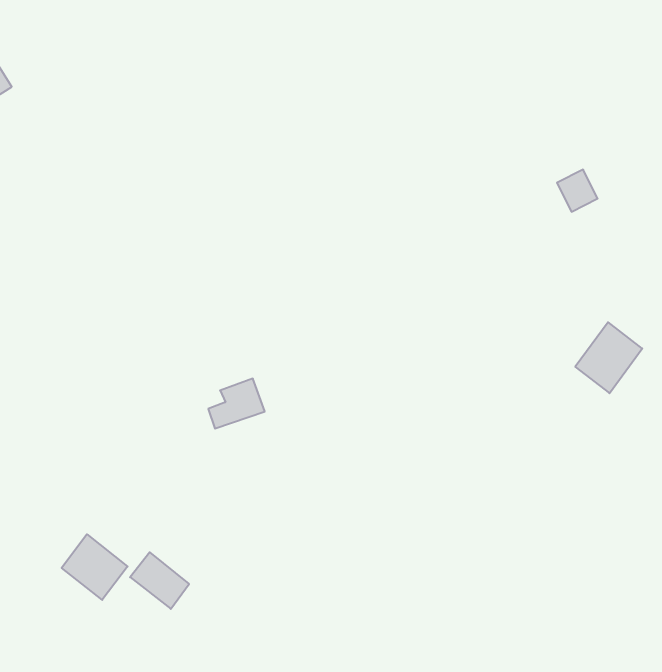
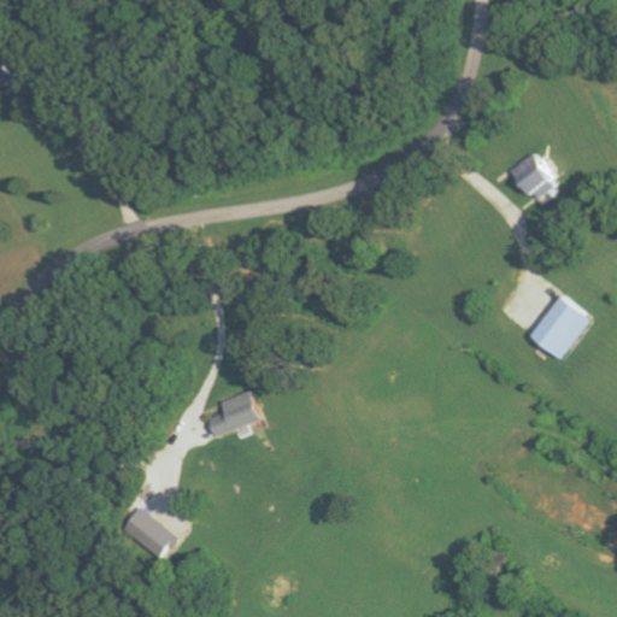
building: [208,379,265,429] -> [206,390,258,436]
building: [62,534,128,600] -> none

